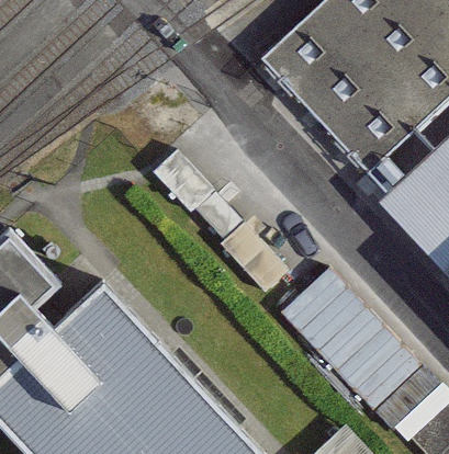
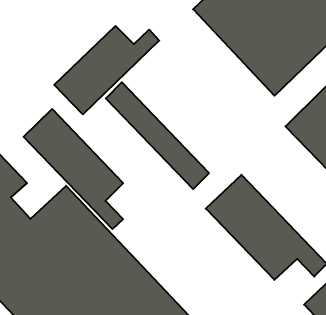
building: none -> [54,26,159,114]
building: none -> [24,109,123,229]

